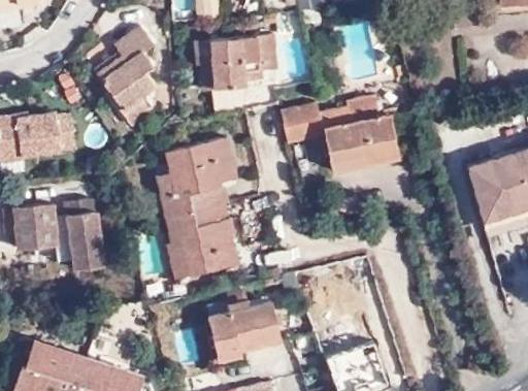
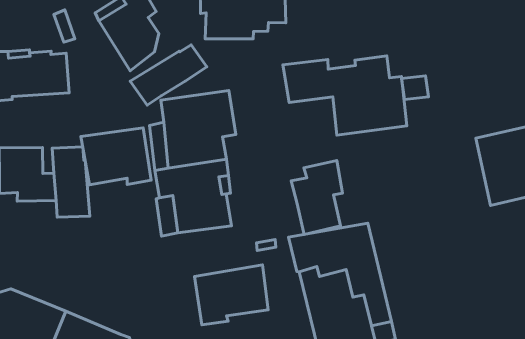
building: none -> [130,45,207,105]
building: none -> [81,128,151,185]
building: none -> [291,160,343,234]

